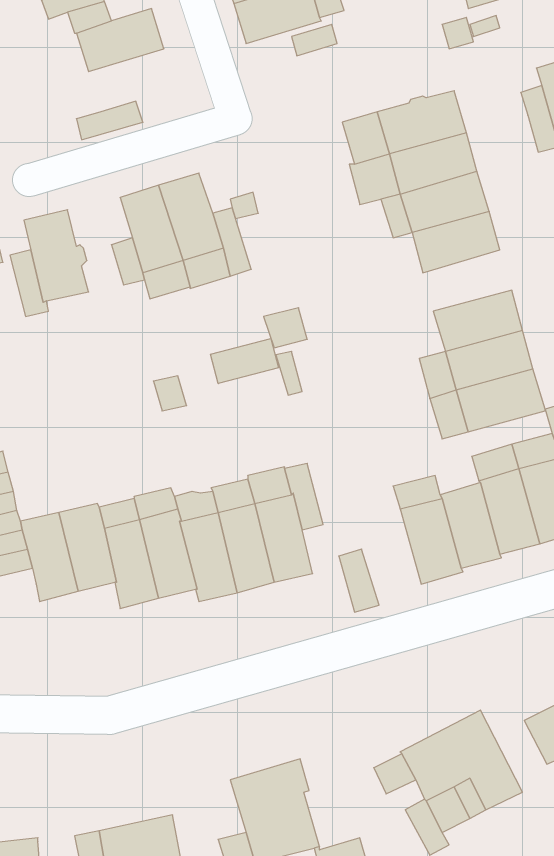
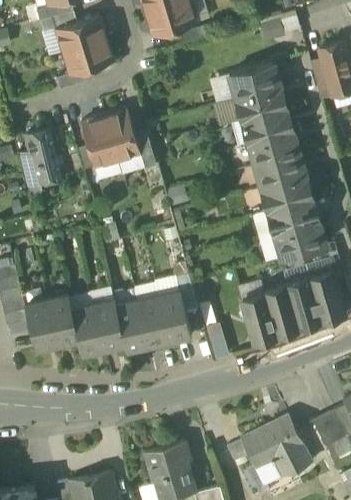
building: none -> [63,36,113,72]
building: none -> [254,151,305,186]
building: [211,338,279,384] -> none

